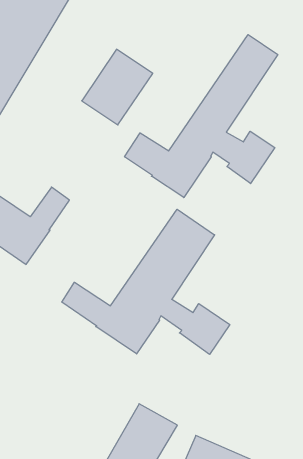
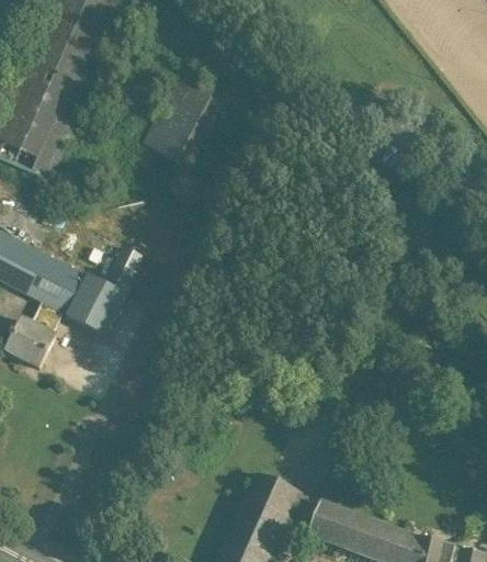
building: [125,35,278,198] -> none
building: [62,209,230,354] -> none

